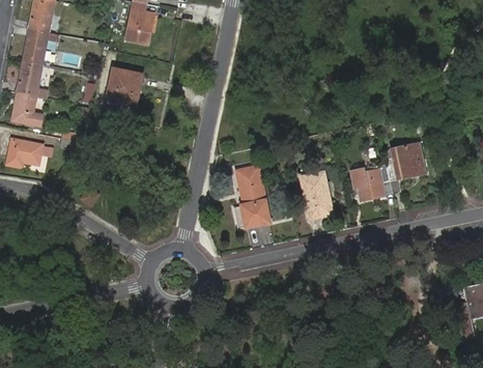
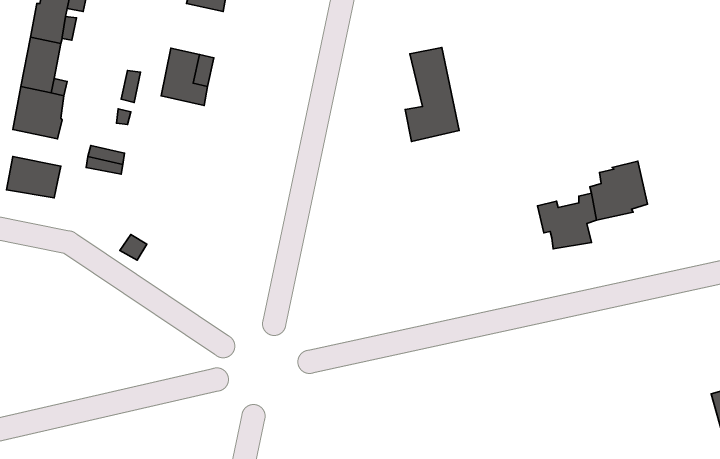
building: [235,167,271,228] -> [405,48,459,141]
building: [302,171,334,218] -> none

